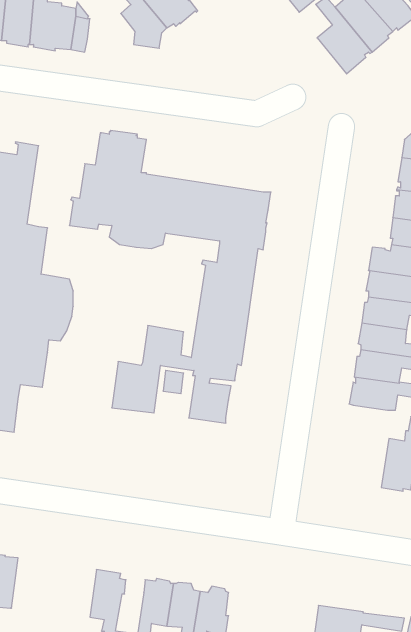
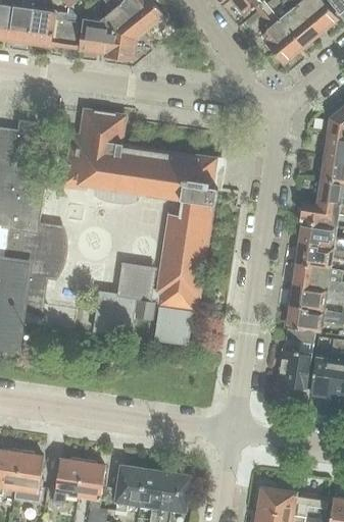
building: none -> [78,17,133,61]
building: none -> [278,328,314,394]
building: none -> [15,450,44,500]
building: none -> [52,456,83,504]

